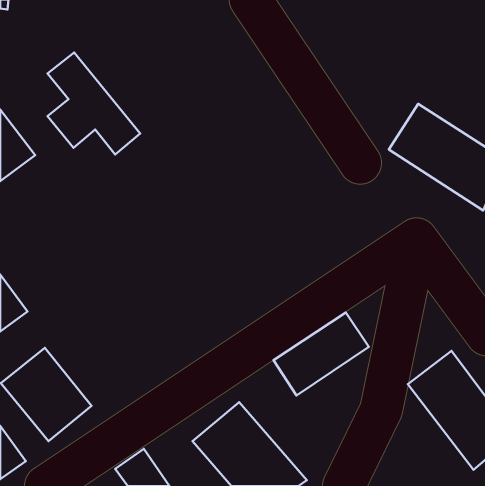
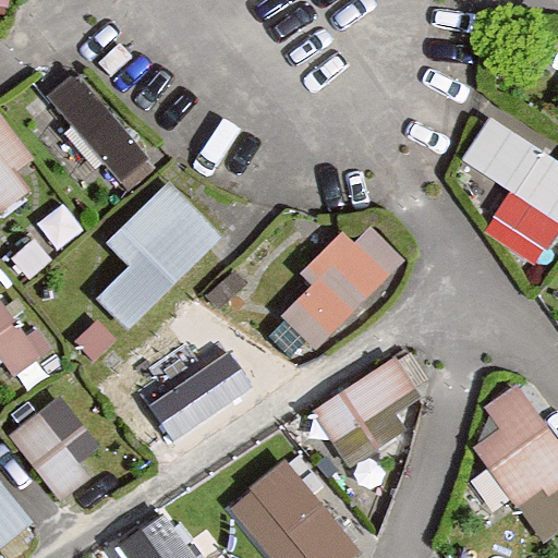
building: none -> [109,189,226,305]
building: none -> [275,228,395,354]
building: none -> [150,350,256,440]

